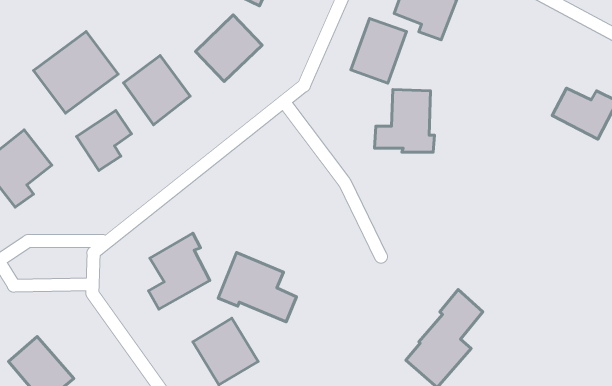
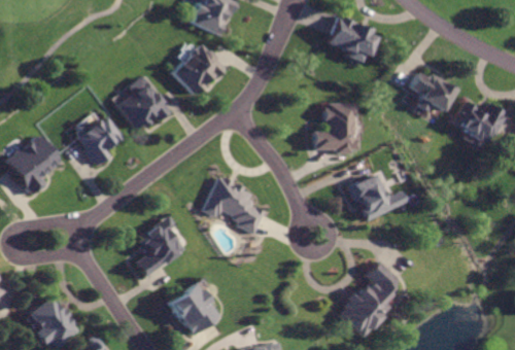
building: [351,18,407,83] -> none
building: [34,32,118,113] -> none
building: none -> [410,72,454,111]
building: none -> [348,175,409,219]
building: [218,252,297,322] -> [203,177,265,232]

